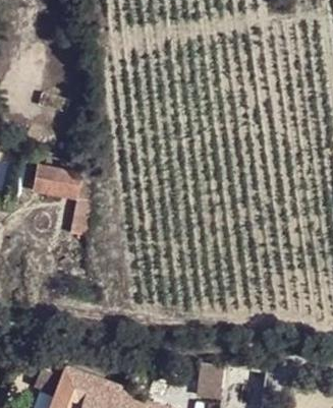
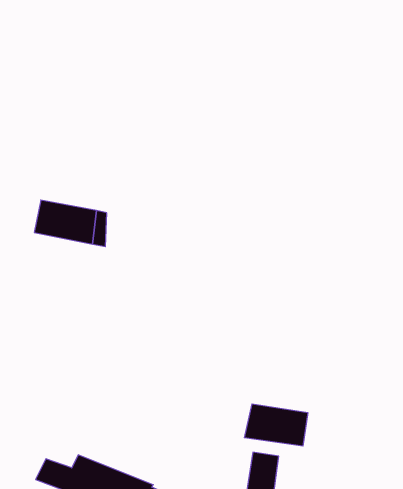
building: none -> [244,404,308,446]

